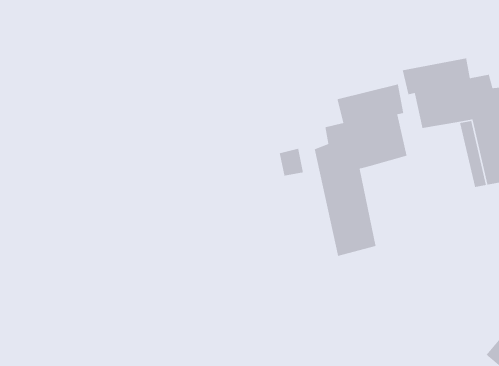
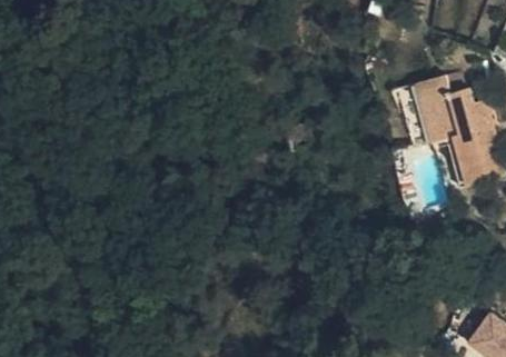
building: [314,83,407,257] -> none

